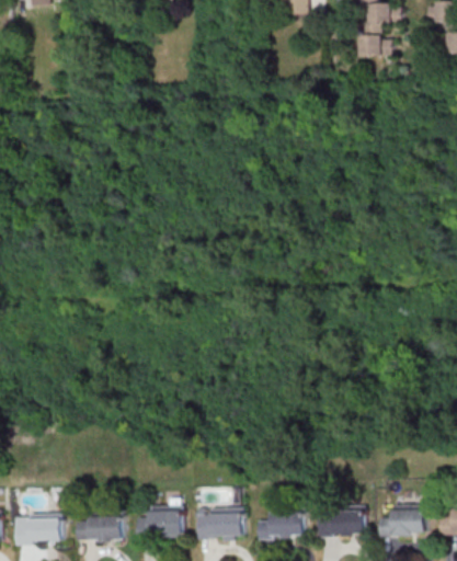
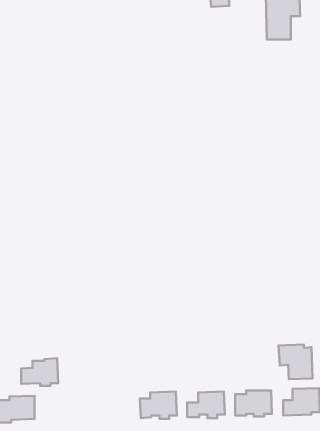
building: none -> [279,345,313,379]
building: [135,505,181,542] -> none
building: [75,508,122,543] -> [21,358,58,386]

